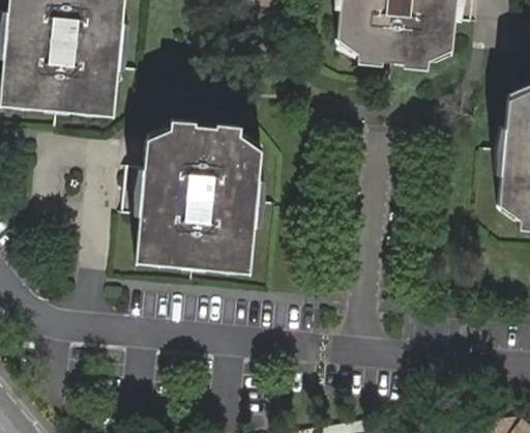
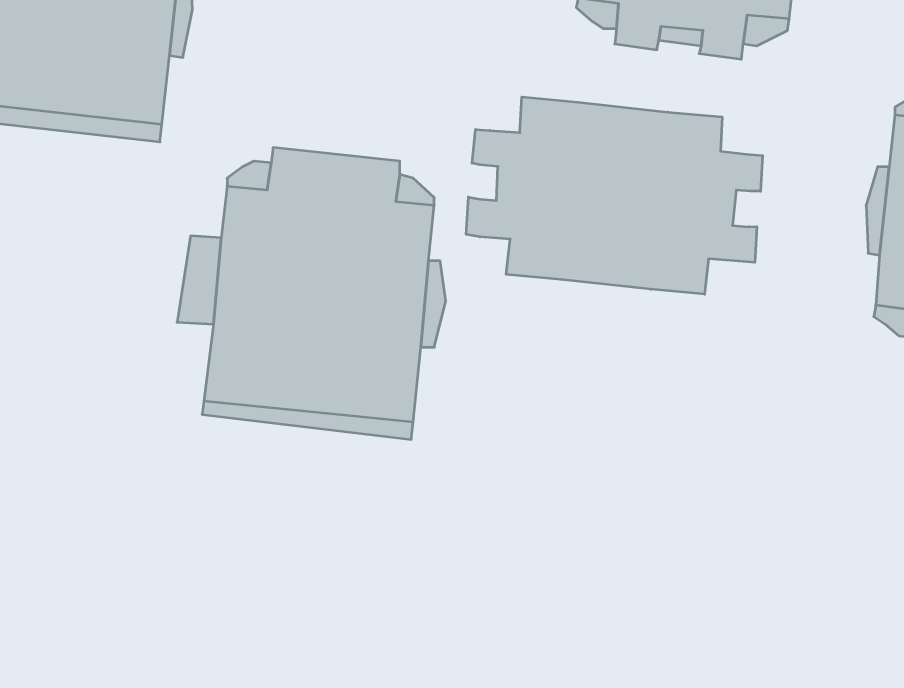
building: none -> [466,97,763,294]

